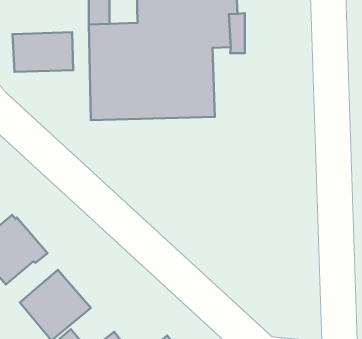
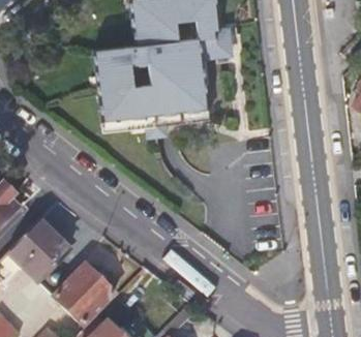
building: [13,32,73,72] -> none

